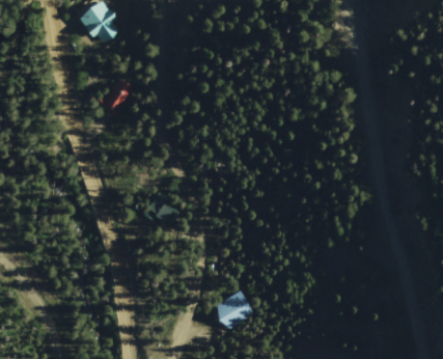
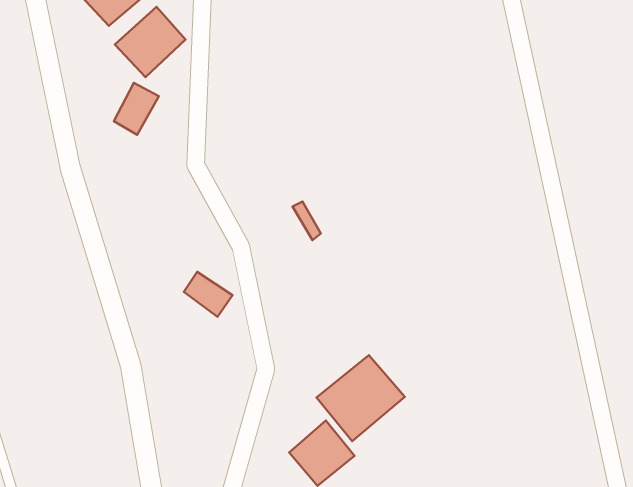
building: none -> [115,7,186,77]
building: none -> [316,355,405,441]

